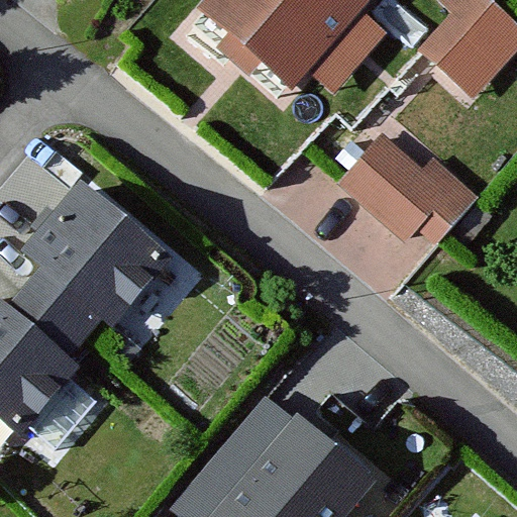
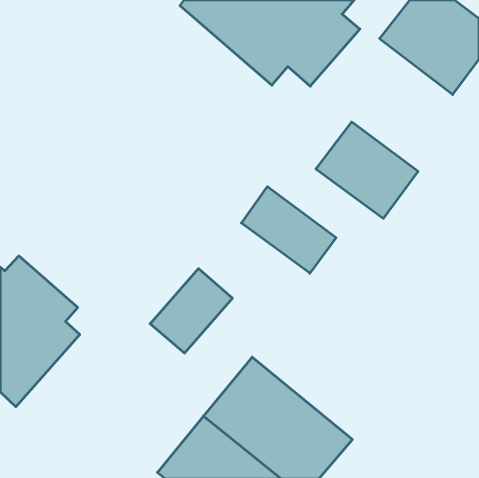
building: [20,175,175,332] -> none
building: none -> [241,187,336,273]
building: none -> [150,269,232,353]

